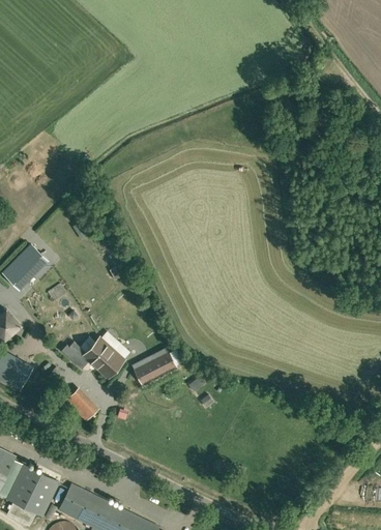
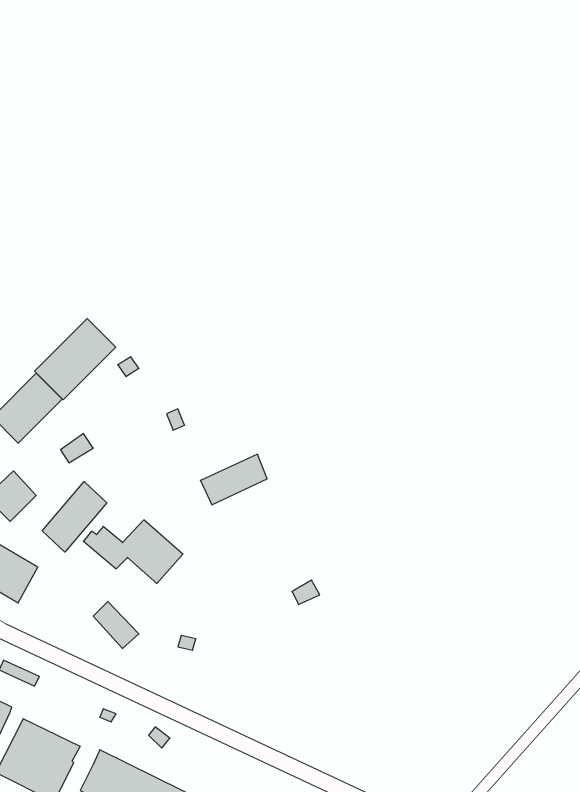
building: none -> [35,319,116,400]
building: none -> [42,482,107,552]
building: [131,350,174,382] -> [200,454,267,505]

